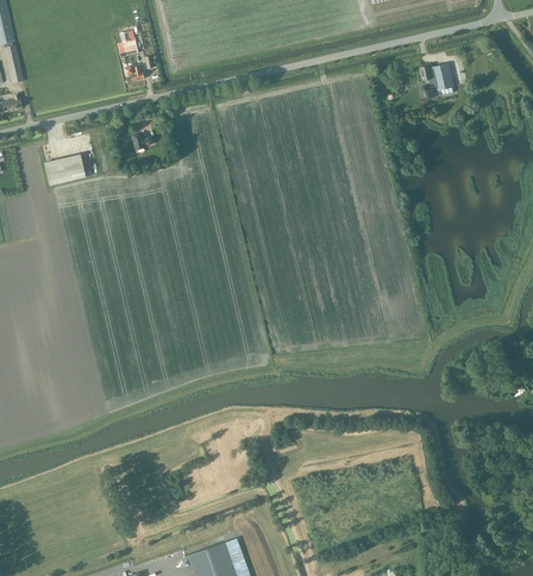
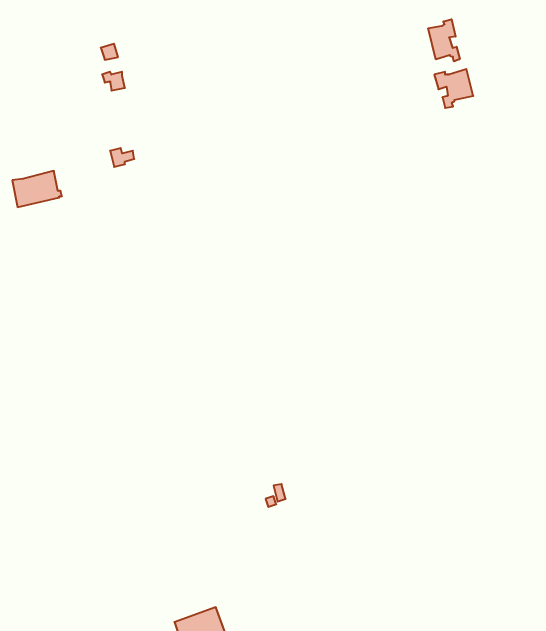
building: none -> [428,19,460,61]

